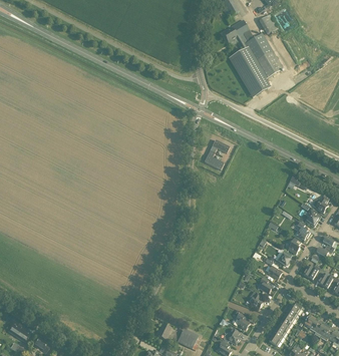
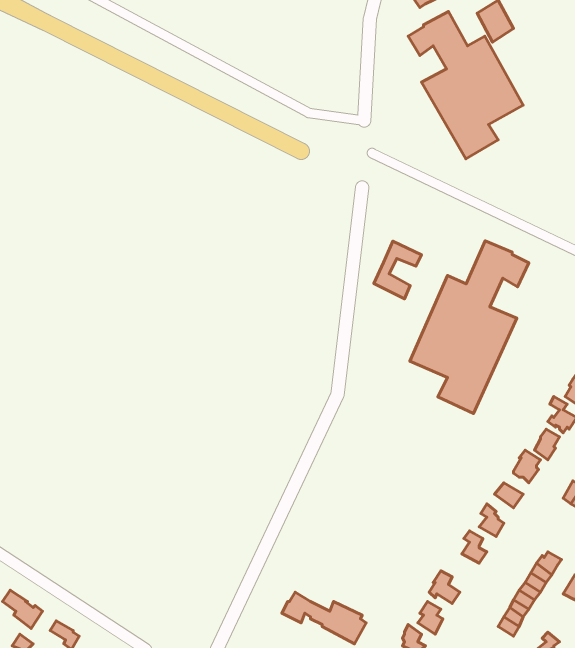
building: none -> [410,241,529,414]

